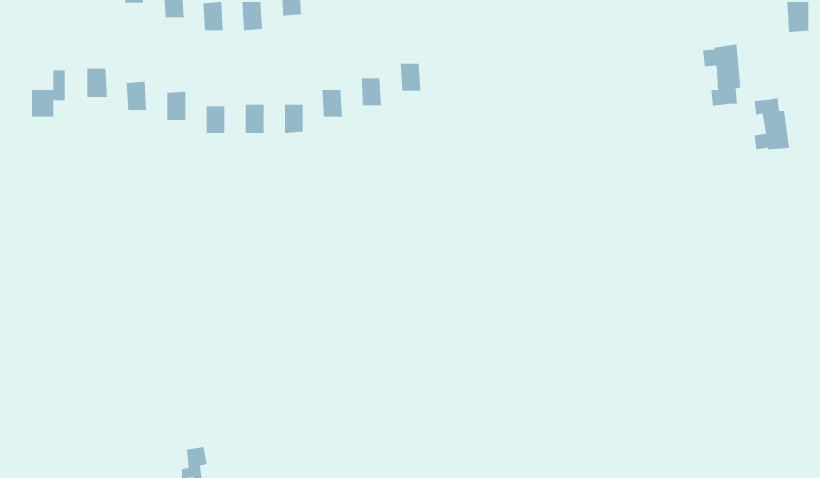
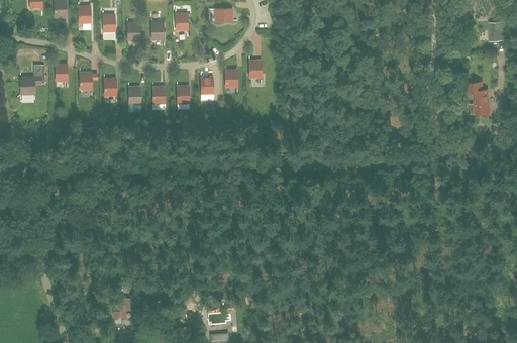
building: [702,43,741,107] -> none

